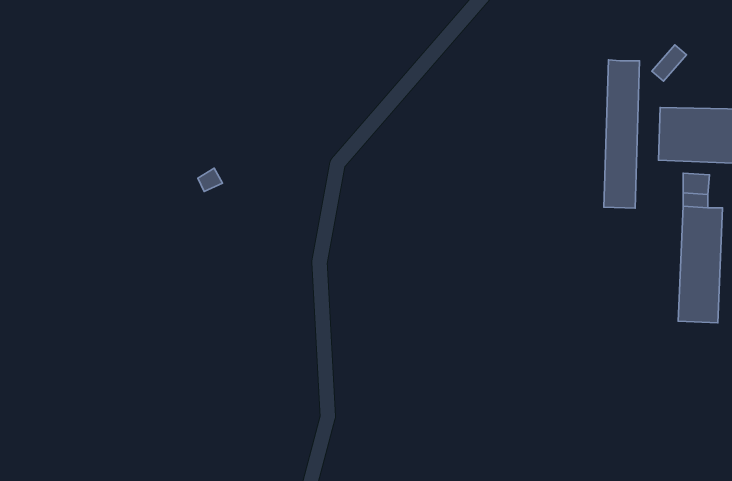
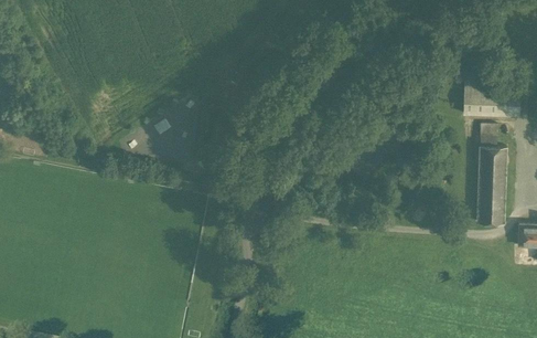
building: [604,60,640,208] -> none

